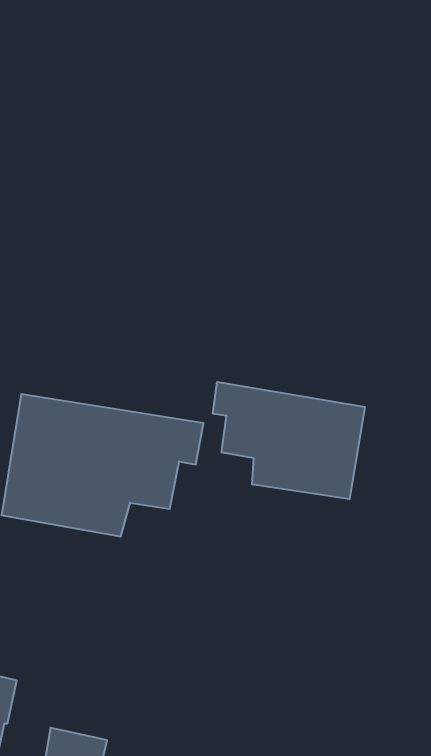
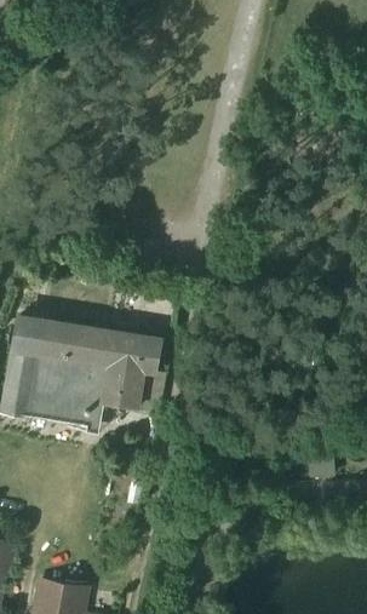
building: [213,382,365,499] -> none

